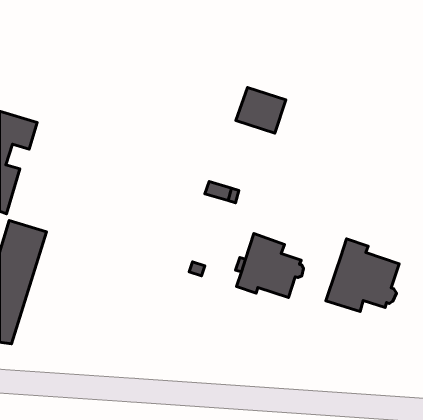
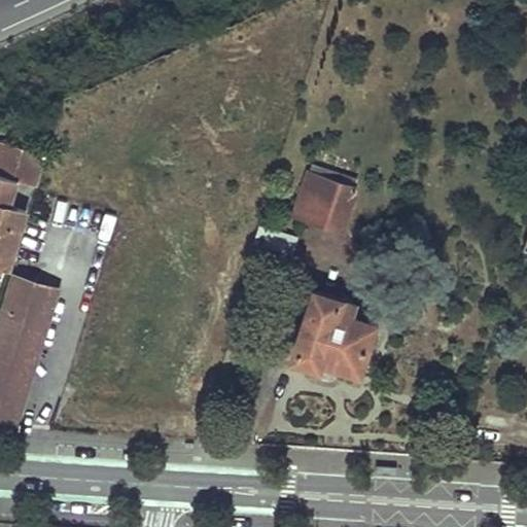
building: [236,88,286,133] -> [293,176,355,233]
building: [326,239,399,311] -> none

